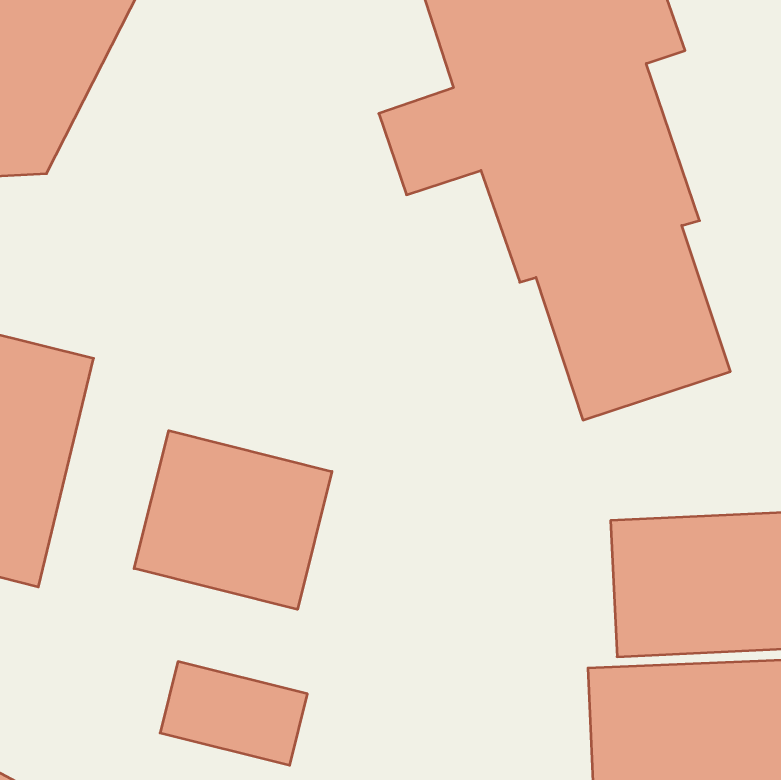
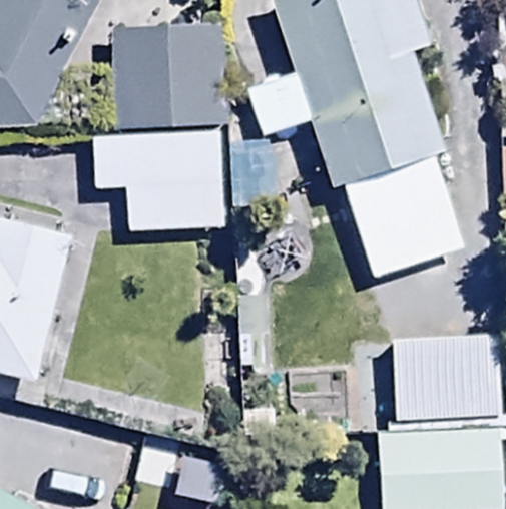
building: none -> [111,25,225,123]
building: none -> [92,129,227,232]
building: [134,431,332,609] -> none

